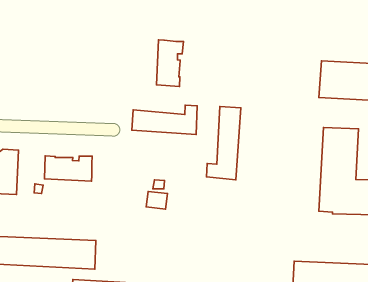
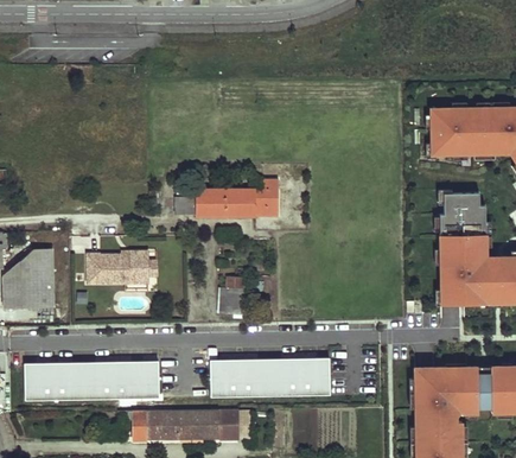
building: [157,40,183,86] -> none
building: [206,106,241,180] -> none
building: none -> [210,357,331,396]

